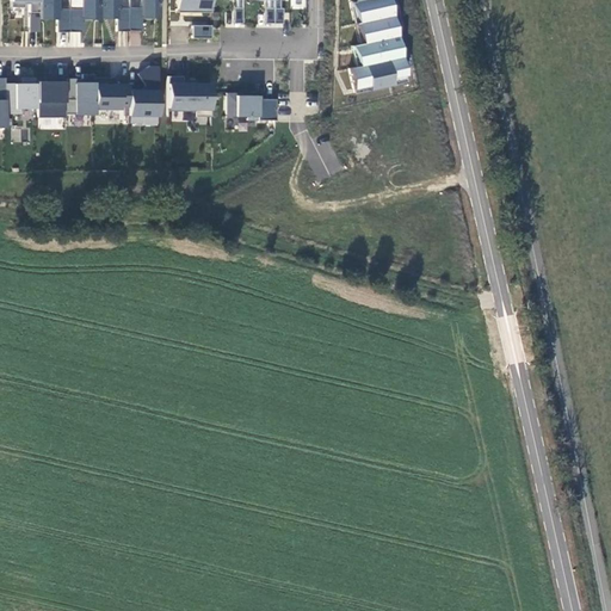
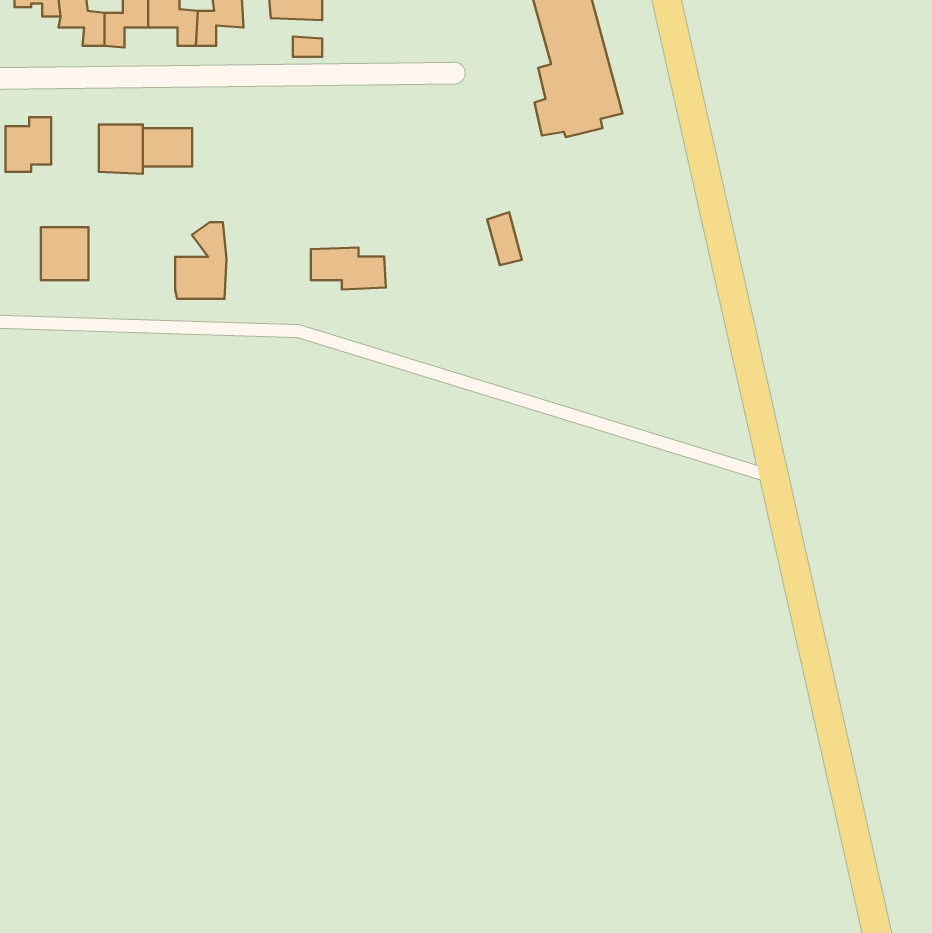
building: [128,64,161,115] -> [175,222,226,299]
building: [168,75,211,116] -> none
building: [36,81,67,116] -> [41,227,89,280]
building: [228,93,277,121] -> [311,247,386,289]

